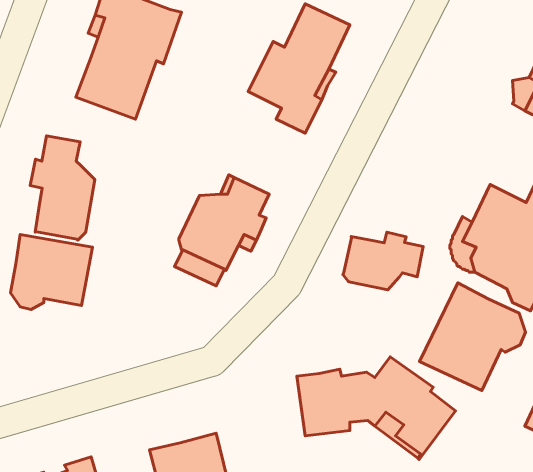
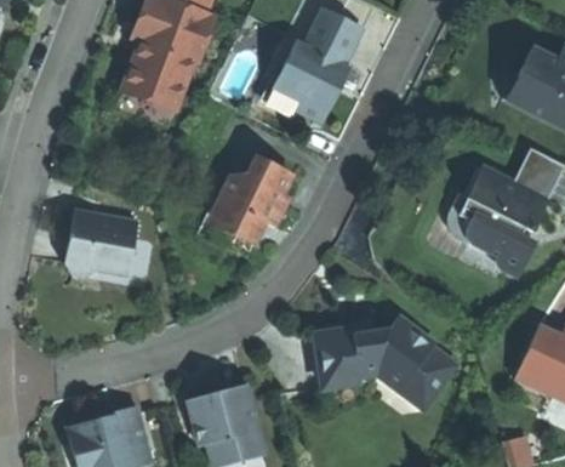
building: [30,136,95,240] -> none
building: [343,232,423,290] -> none
building: [420,283,525,390] -> none

